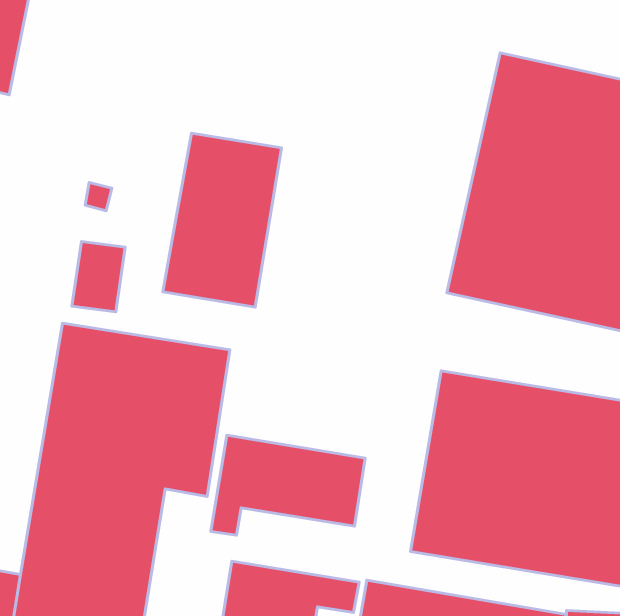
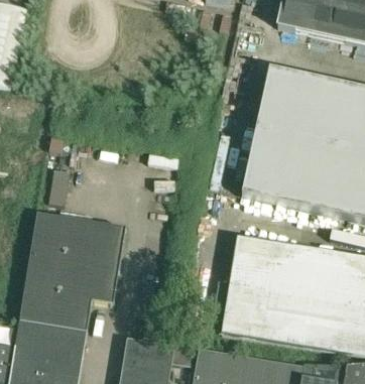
building: [163,133,282,307] -> none
building: [211,435,365,535] -> none

